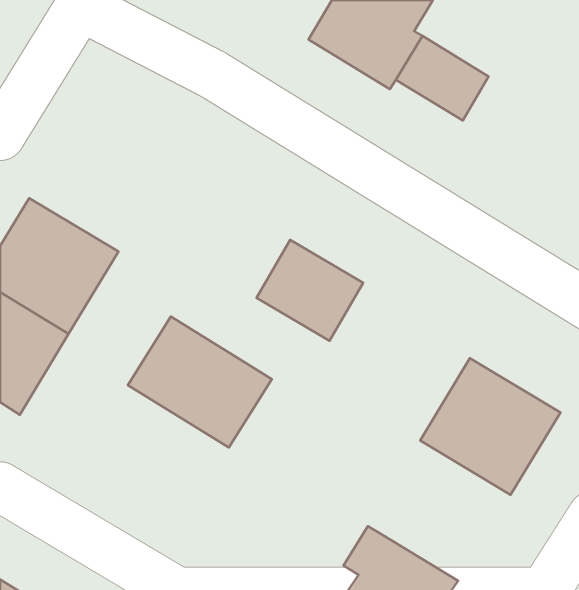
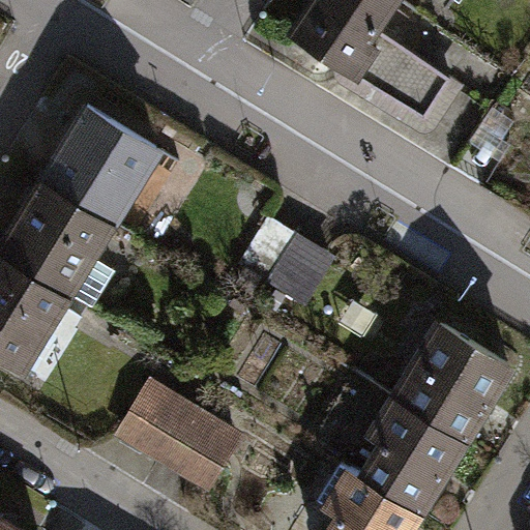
building: none -> [38,106,163,227]
building: [128,317,272,448] -> [117,379,245,496]
building: none -> [353,395,468,521]

